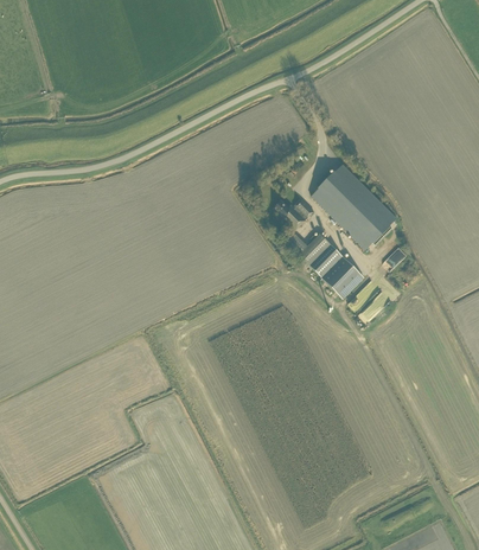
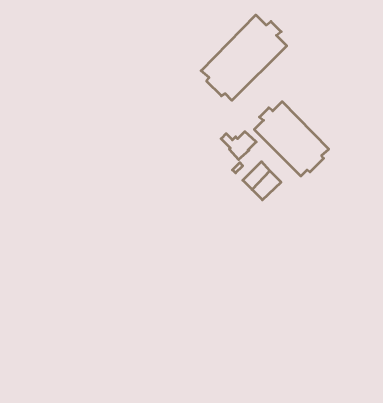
building: none -> [201,15,287,100]
building: [321,257,363,299] -> none

